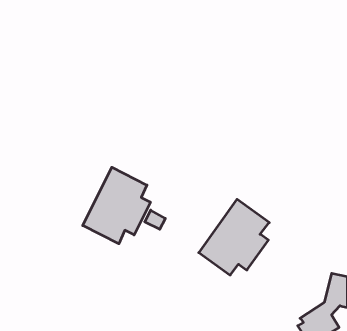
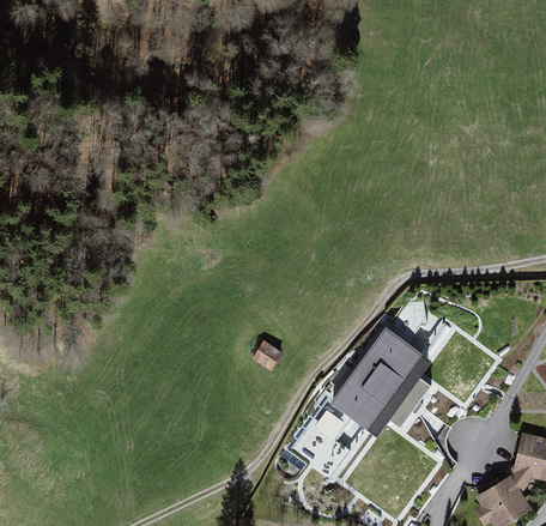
building: [83,167,150,244] -> none

